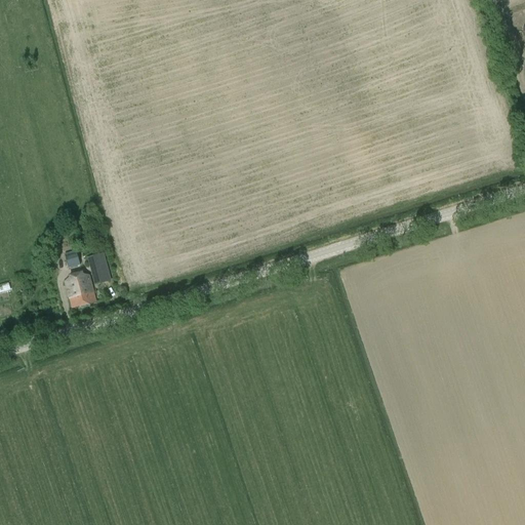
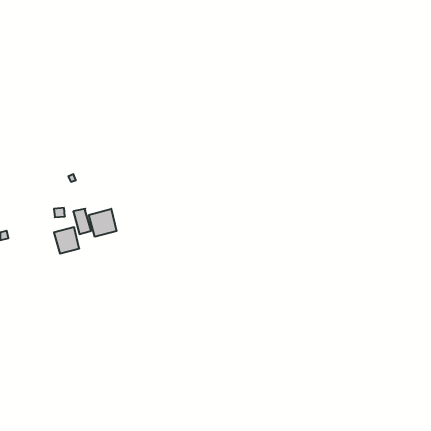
building: none -> [89,209,117,237]

